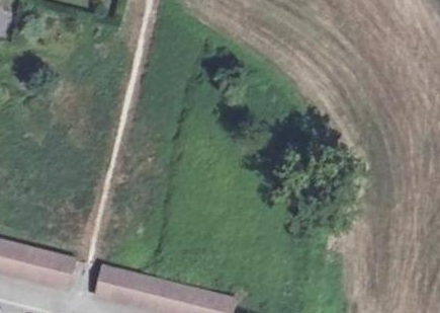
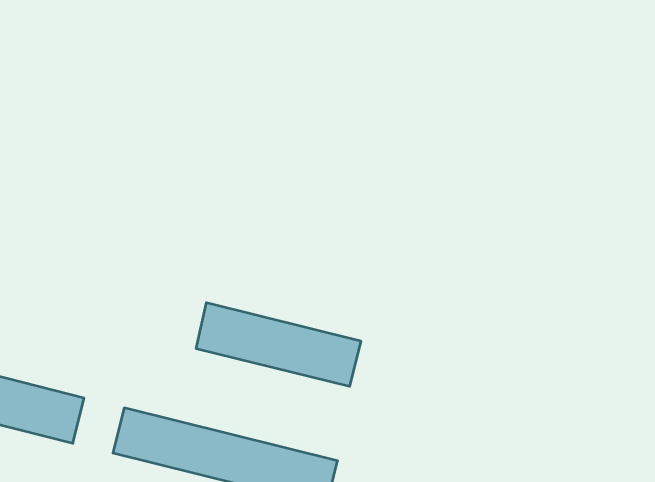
building: none -> [196,303,361,386]

